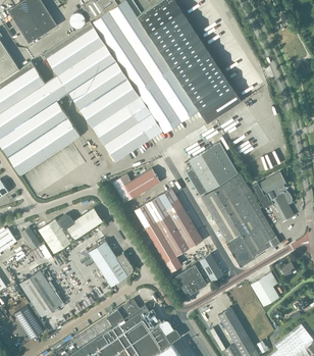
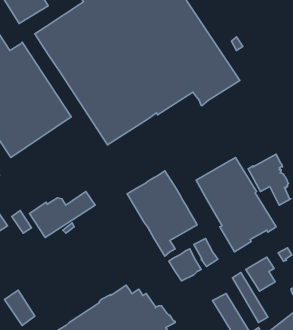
building: [187,143,238,195] -> none
building: [112,168,160,203] -> none
building: [89,241,134,287] -> none
building: [19,270,62,317] -> none

